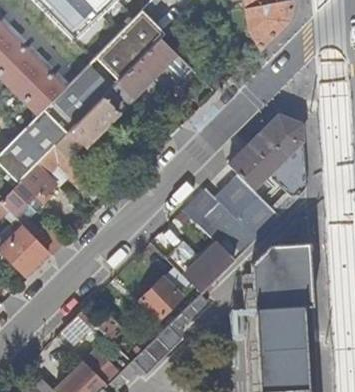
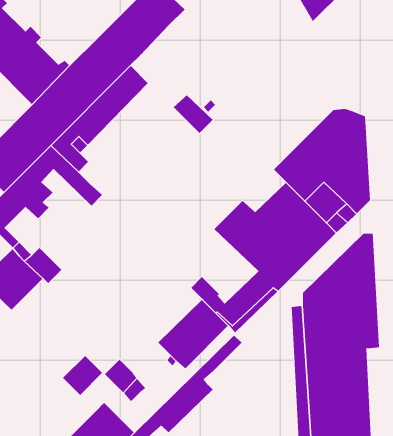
building: [117,39,191,100] -> none

